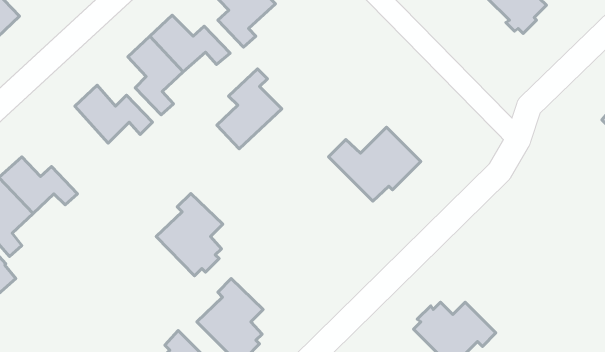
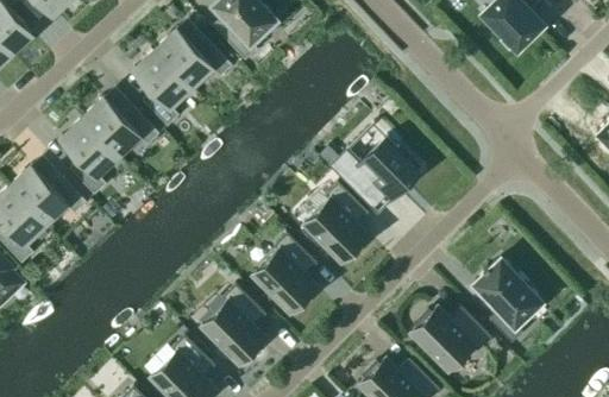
building: [217,69,282,149] -> none
building: none -> [61,119,115,195]
building: none -> [303,183,368,263]
building: [156,193,223,276] -> [252,234,316,314]
building: none -> [473,258,541,344]

